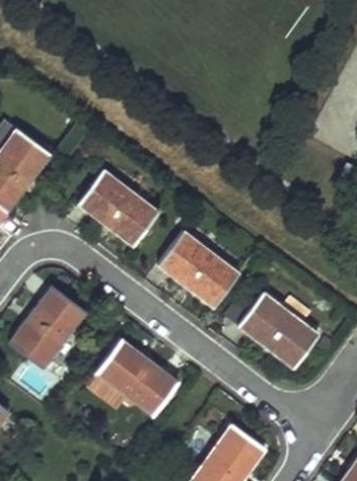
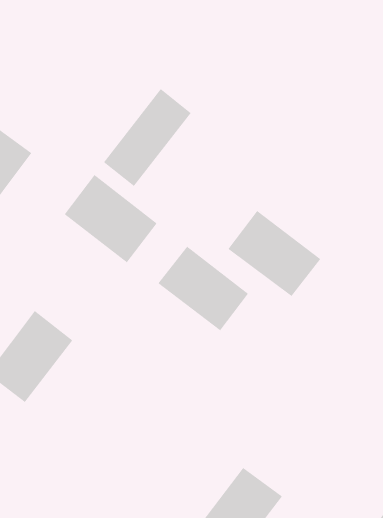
building: none -> [103,88,192,187]
building: [237,293,318,368] -> [228,210,321,297]
building: [97,341,178,416] -> none

